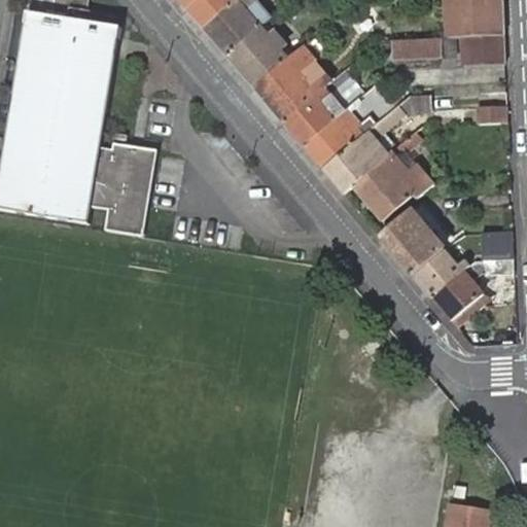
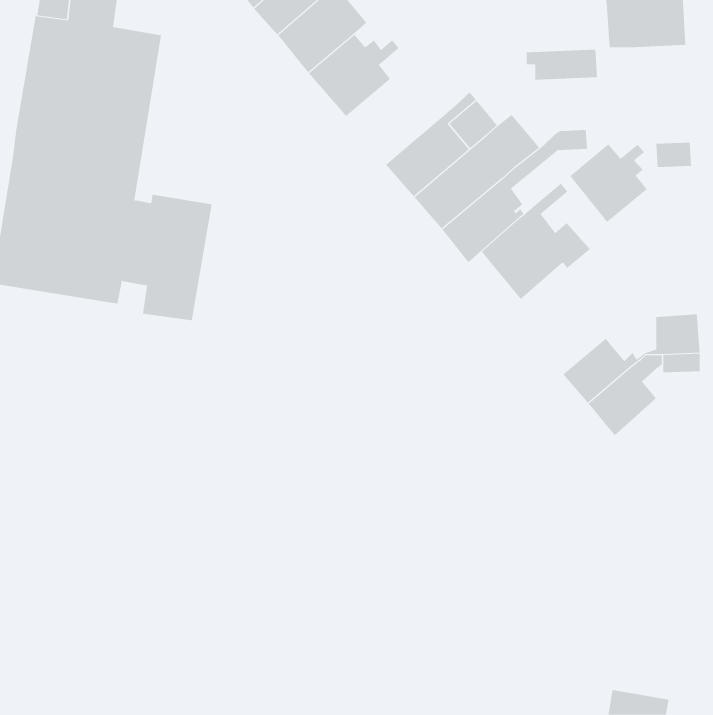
building: [460,33,503,64] -> none
building: [253,44,330,120] -> none
building: none -> [569,144,647,223]
building: [379,208,444,274] -> none

